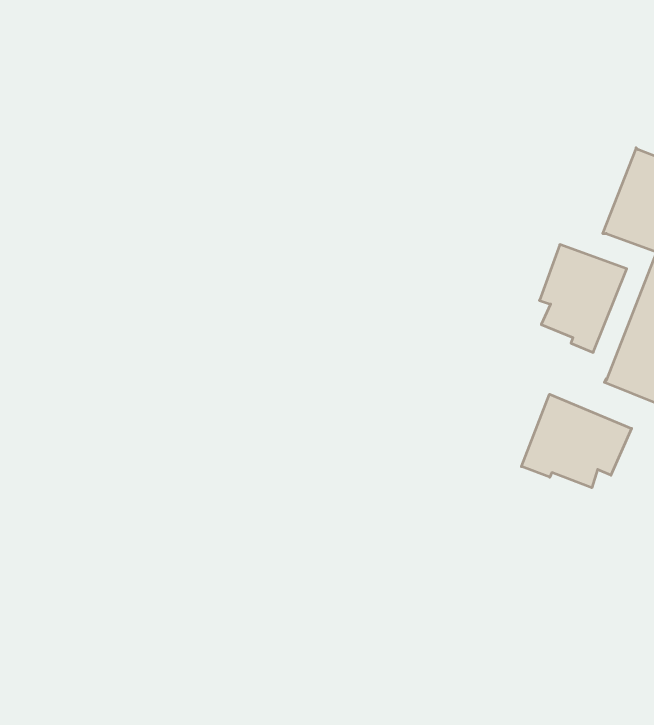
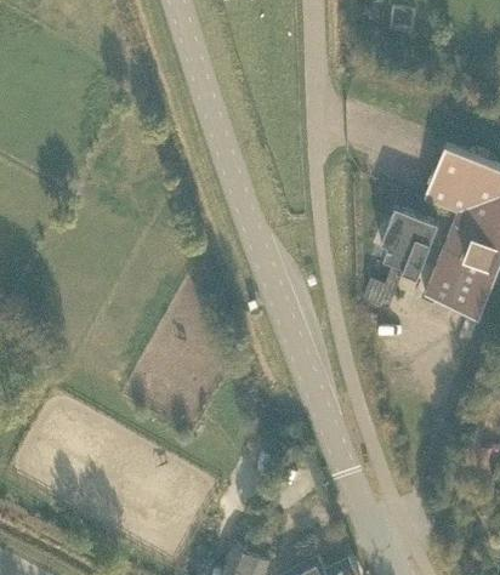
building: [521,394,632,488] -> none

